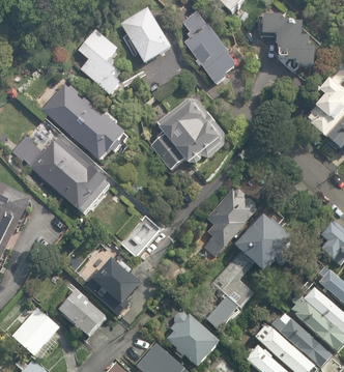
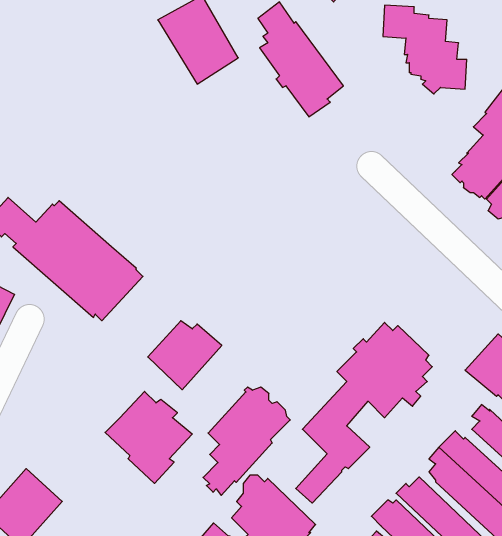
building: [79,29,120,94] -> none
building: [41,84,125,162] -> none
building: [150,97,225,170] -> none
building: [203,188,258,256] -> [203,387,290,495]
building: [58,289,107,336] -> none

